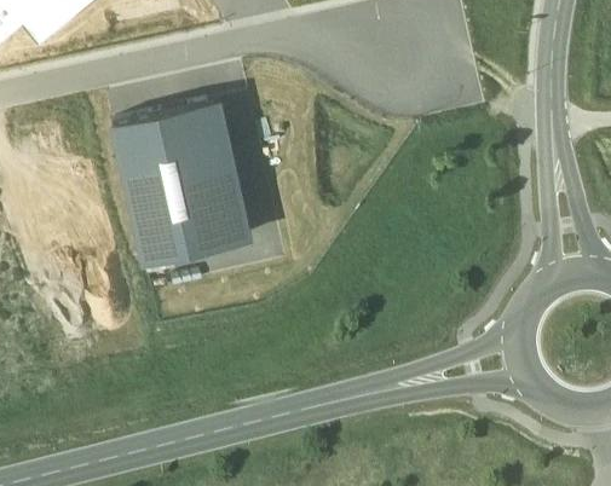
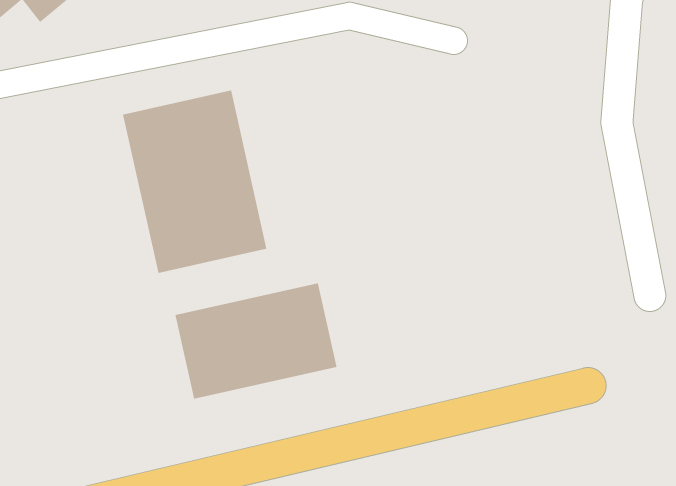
building: none -> [175,283,337,399]

